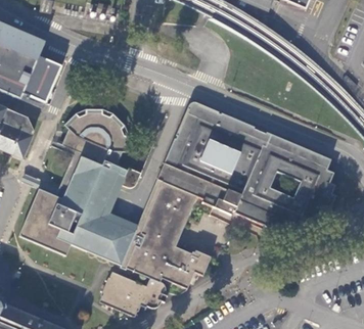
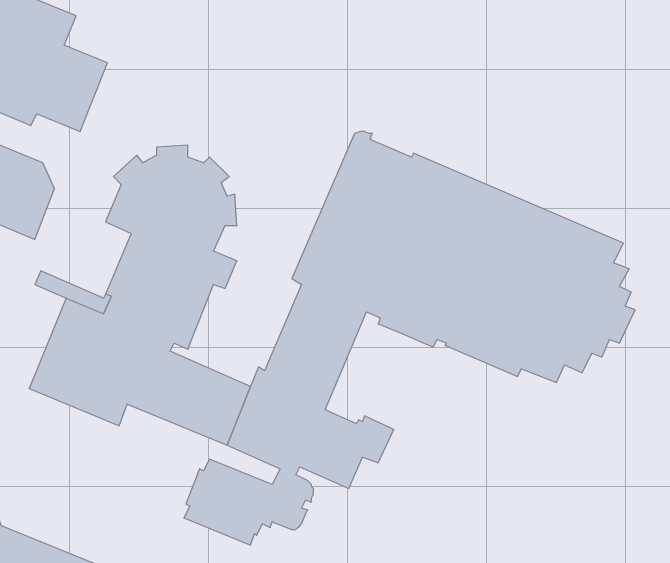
building: [93,177,162,233] -> none

